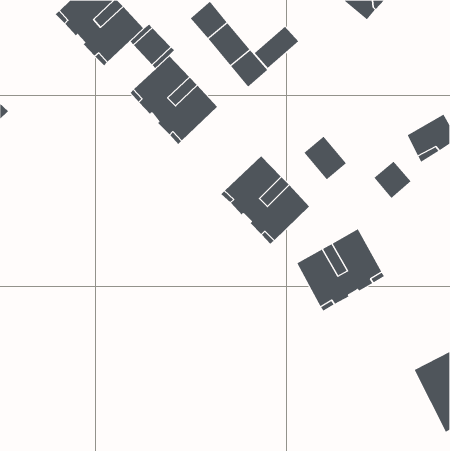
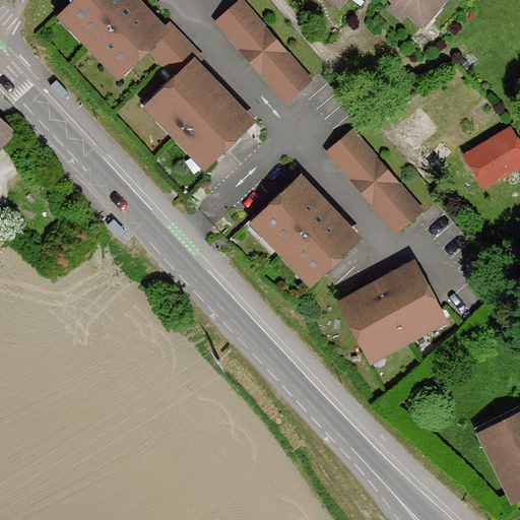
building: [254,26,299,69] -> none
building: none -> [329,132,373,176]
building: [374,161,411,199] -> [376,188,419,232]

